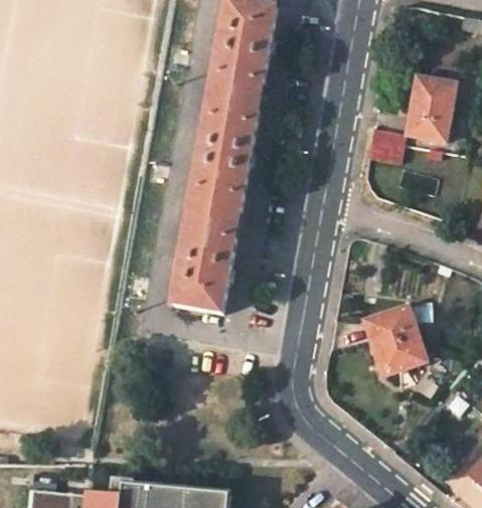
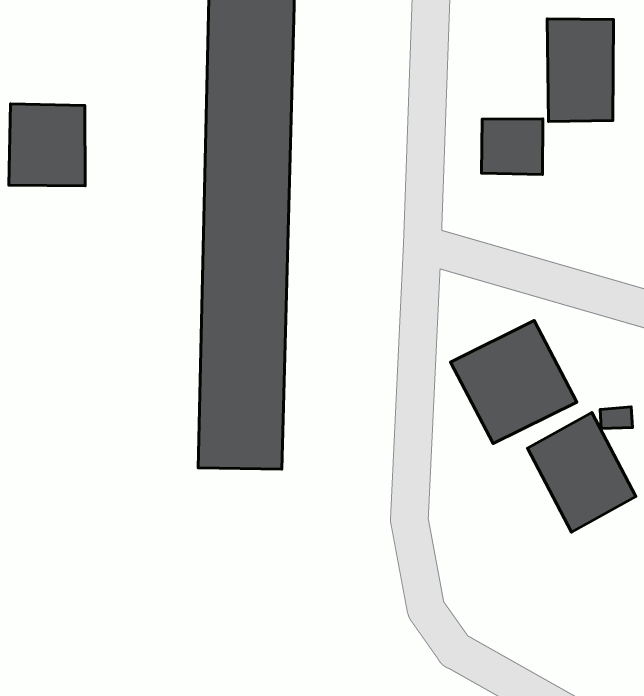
building: none -> [9,104,85,186]
building: none -> [451,320,577,444]

